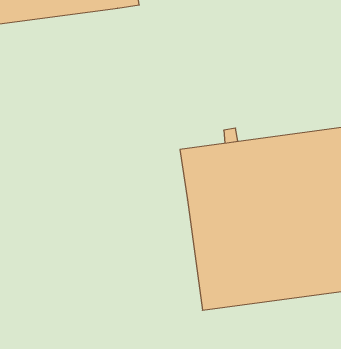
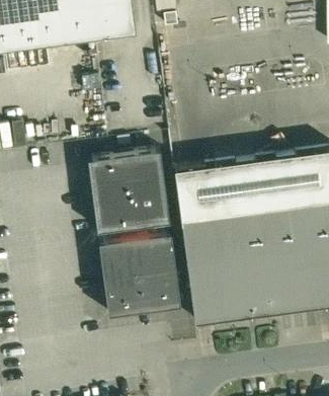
building: none -> [87,150,169,232]
building: none -> [98,233,180,315]

